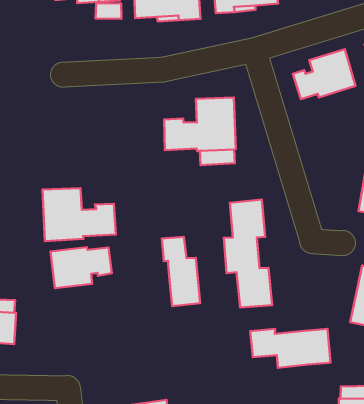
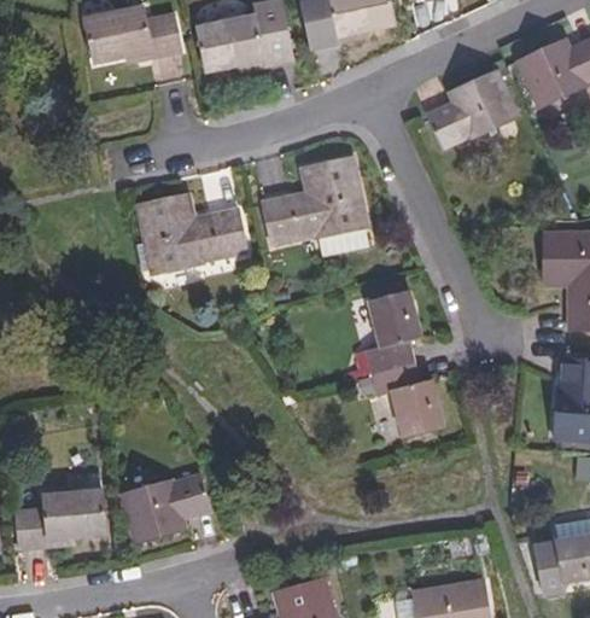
building: [42,188,116,241] -> [136,194,244,273]
building: [162,237,200,306] -> none
building: [50,247,112,288] -> [121,476,208,541]
building: [250,329,330,368] -> none

